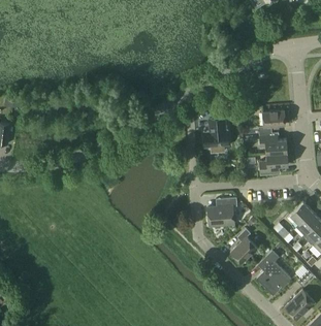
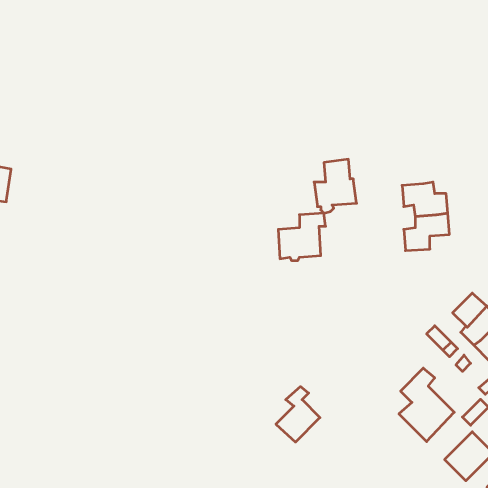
building: [258,110,285,134] -> none
building: [207,198,237,228] -> [278,213,326,260]
building: [230,229,258,264] -> [276,387,320,442]

